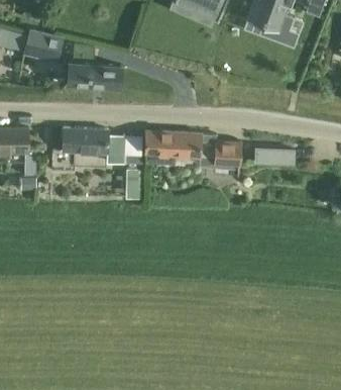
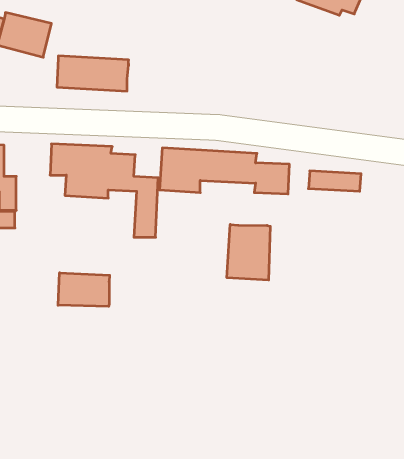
building: none -> [227,224,270,280]
building: none -> [58,273,110,306]

